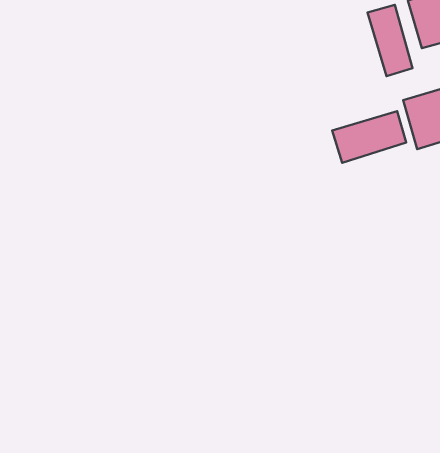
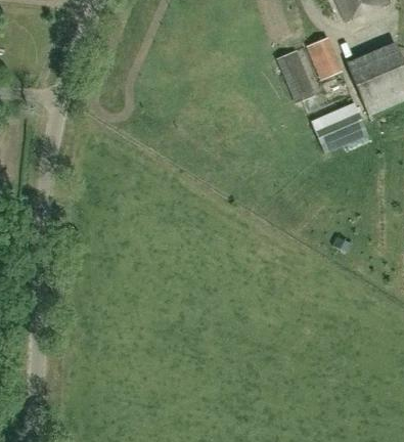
building: [332,111,406,163] -> none

